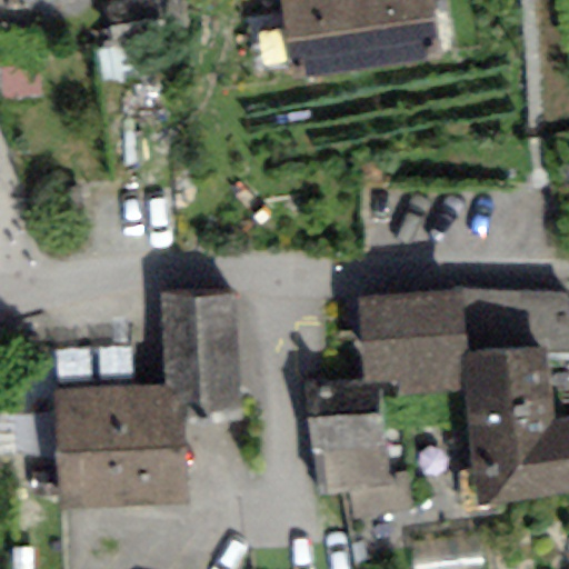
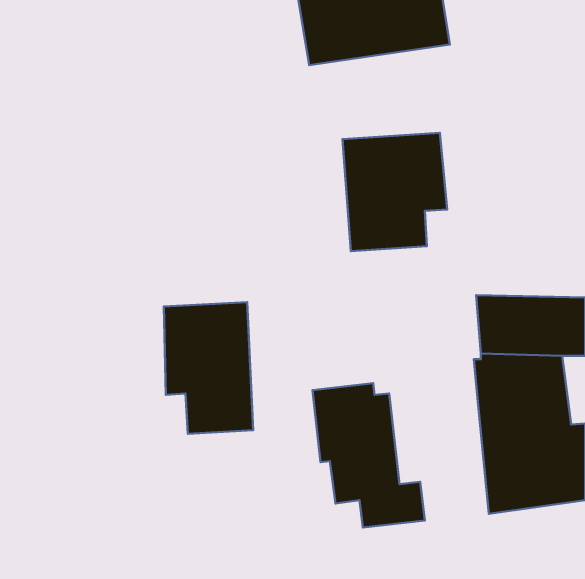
building: none -> [343,133,447,251]
building: [357,287,467,393] -> none
building: [54,382,187,508] -> none

